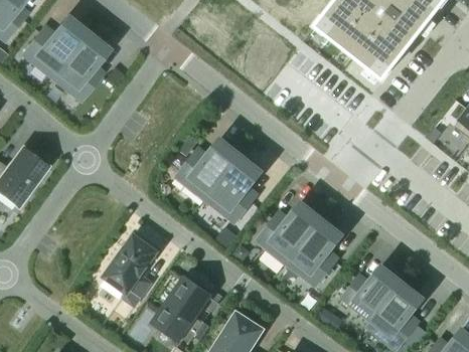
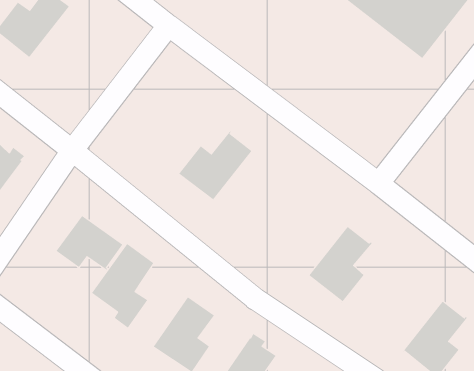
building: [50,33,106,100] -> none
building: [206,154,260,221] -> none
building: [257,201,321,260] -> none
building: none -> [55,215,125,271]
building: [341,266,402,325] -> none

